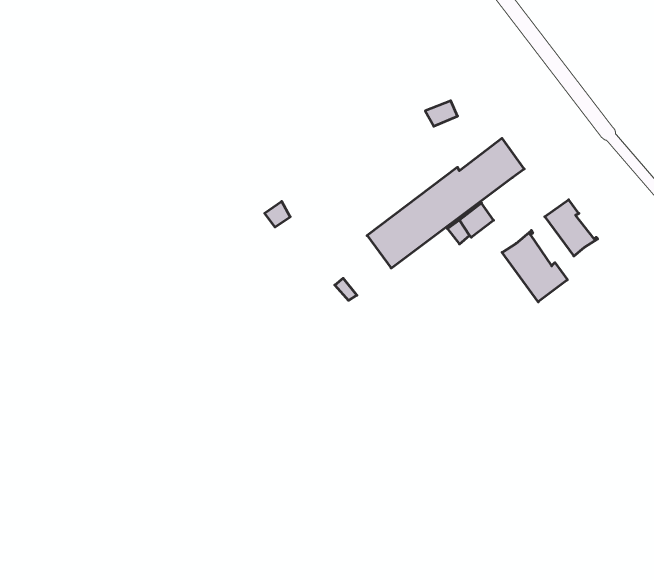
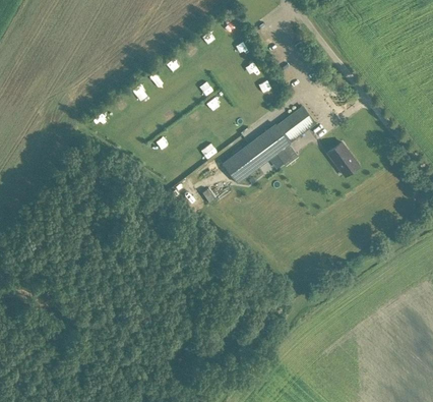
building: [502,230,567,302] -> none

